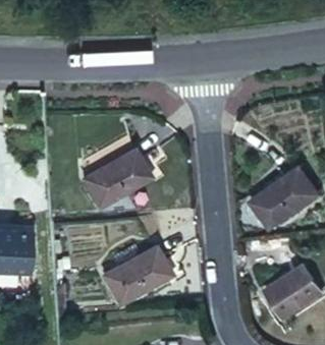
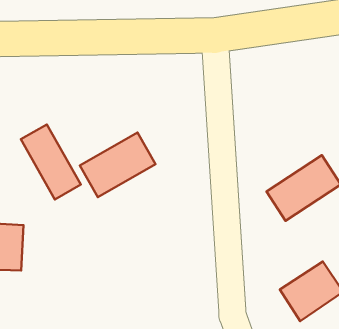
building: none -> [21,125,81,199]
building: [104,248,171,303] -> none

